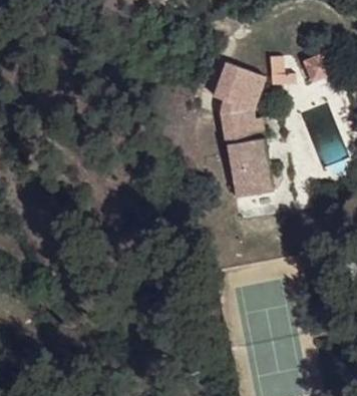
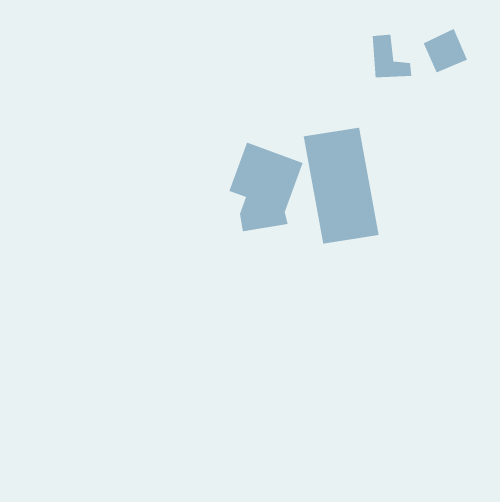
building: [214,62,264,122] -> [229,142,303,232]

